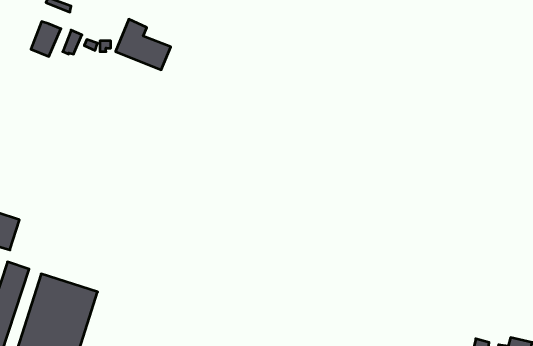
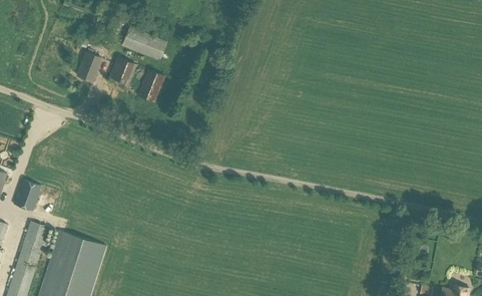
building: [31,22,61,56] -> [76,52,101,81]
building: none -> [108,57,136,85]
building: none -> [136,68,164,102]

